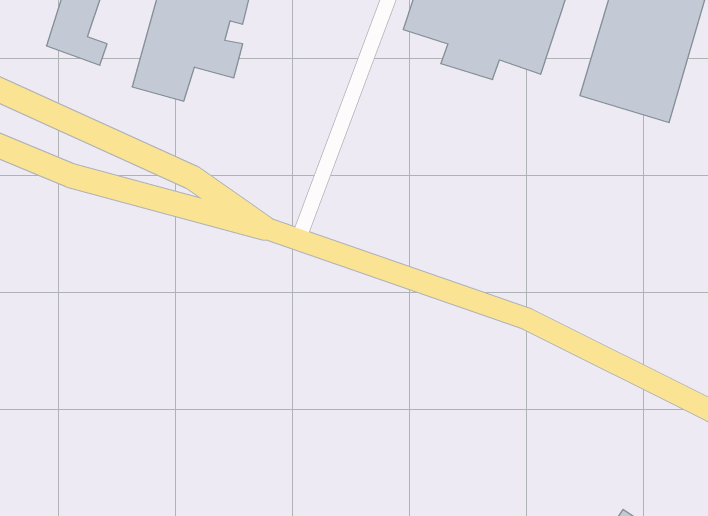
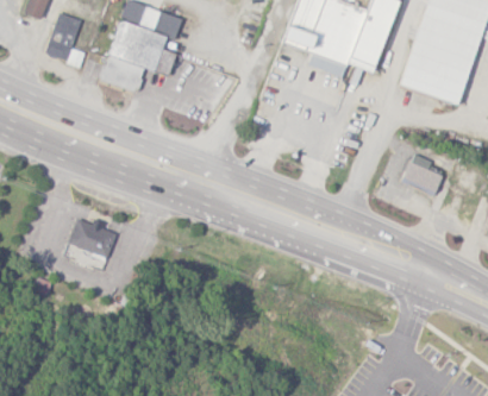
building: none -> [401,155,442,196]
building: none -> [68,218,117,258]

